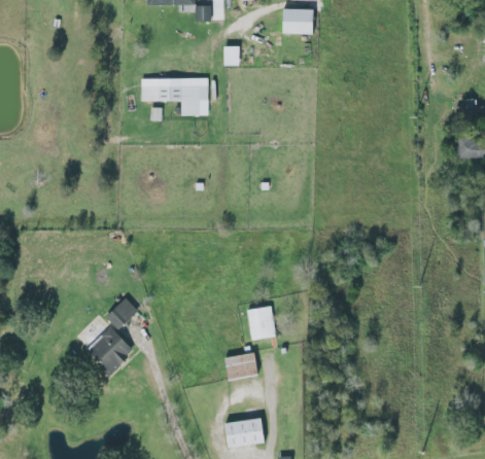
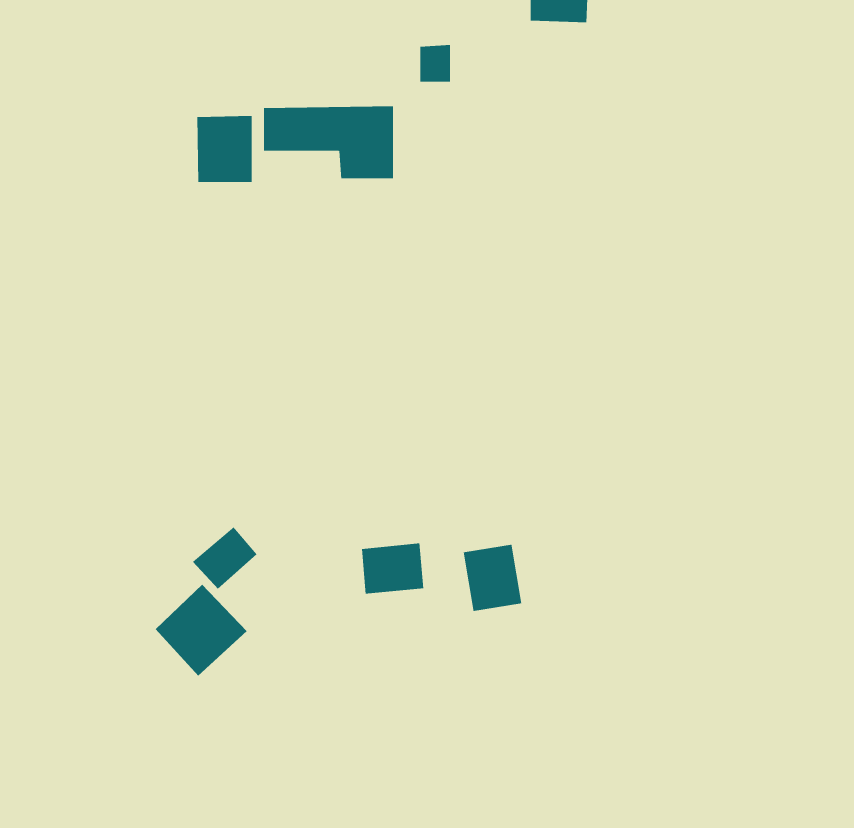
building: none -> [197,115,252,183]
building: [223,353,256,380] -> [361,543,424,594]
building: [221,417,263,448] -> none

